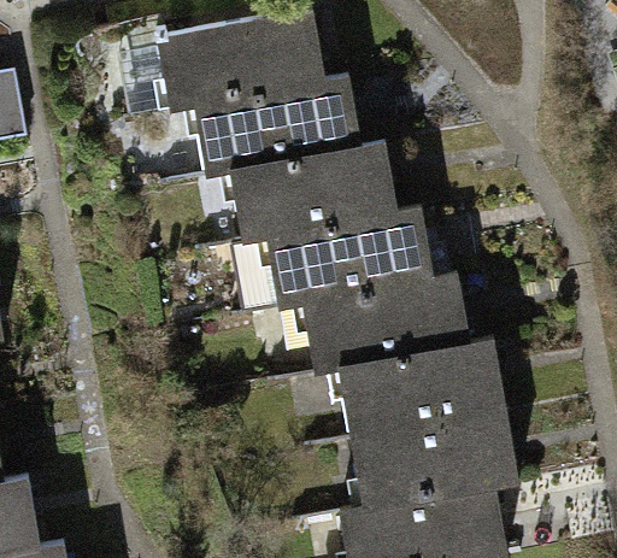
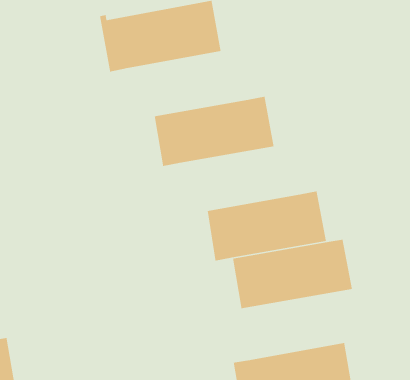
building: [192,77,359,175] -> none
building: [265,208,431,306] -> none
building: [349,411,517,509] -> none

